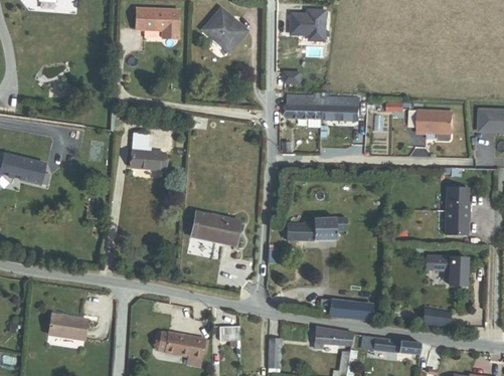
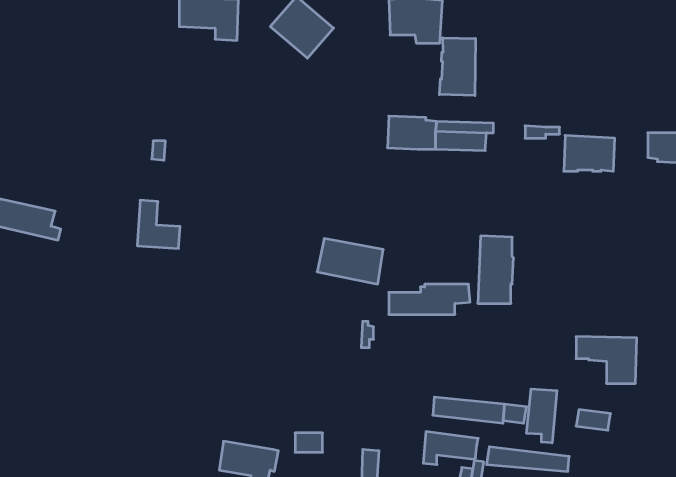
building: none -> [439,38,475,96]
building: [133,133,164,168] -> [137,200,180,248]
building: [444,187,470,236] -> [478,236,514,303]
building: [191,210,239,243] -> [317,239,383,284]
building: none -> [527,389,557,443]
building: [47,314,87,340] -> none

